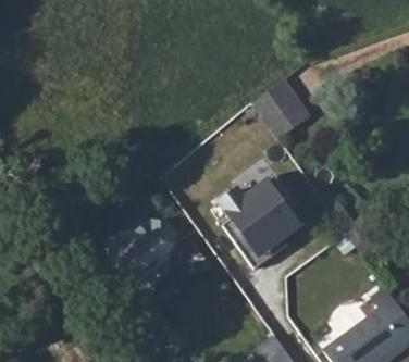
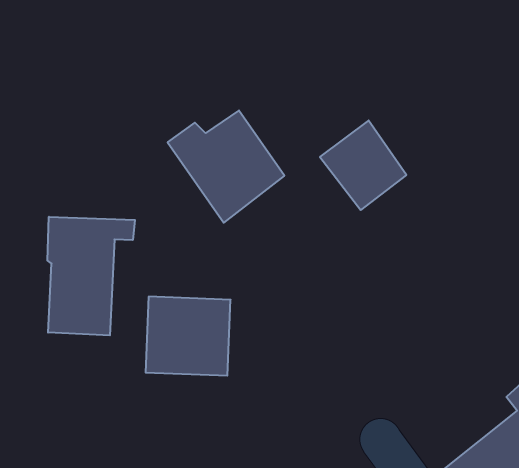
building: none -> [47,217,135,335]
building: [225,173,309,253] -> [168,110,284,223]

